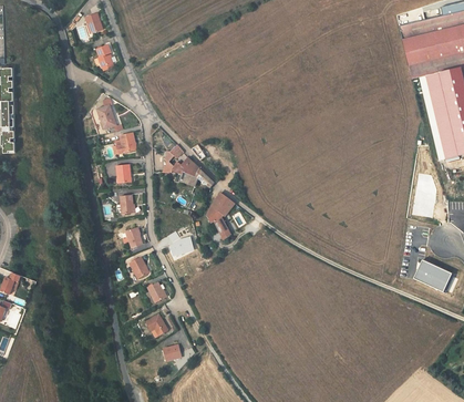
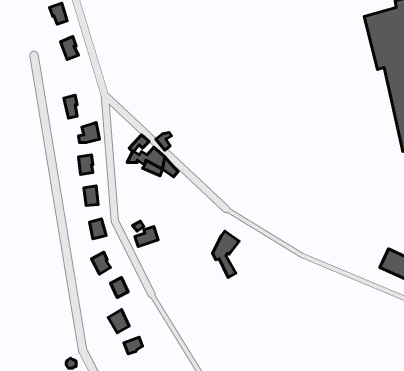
building: [208,193,235,239] -> [213,231,239,278]

